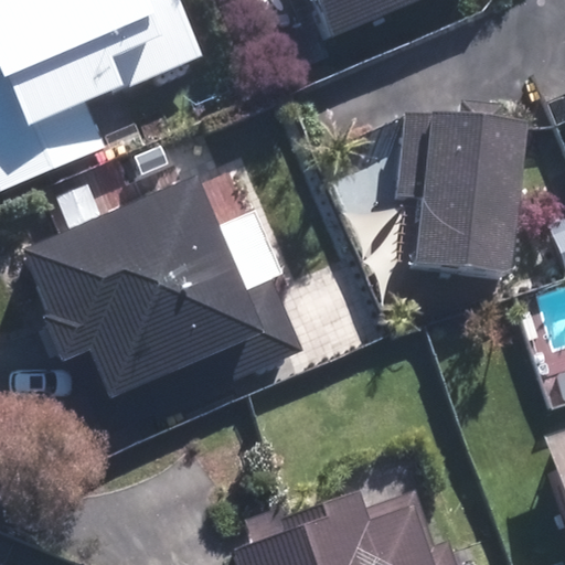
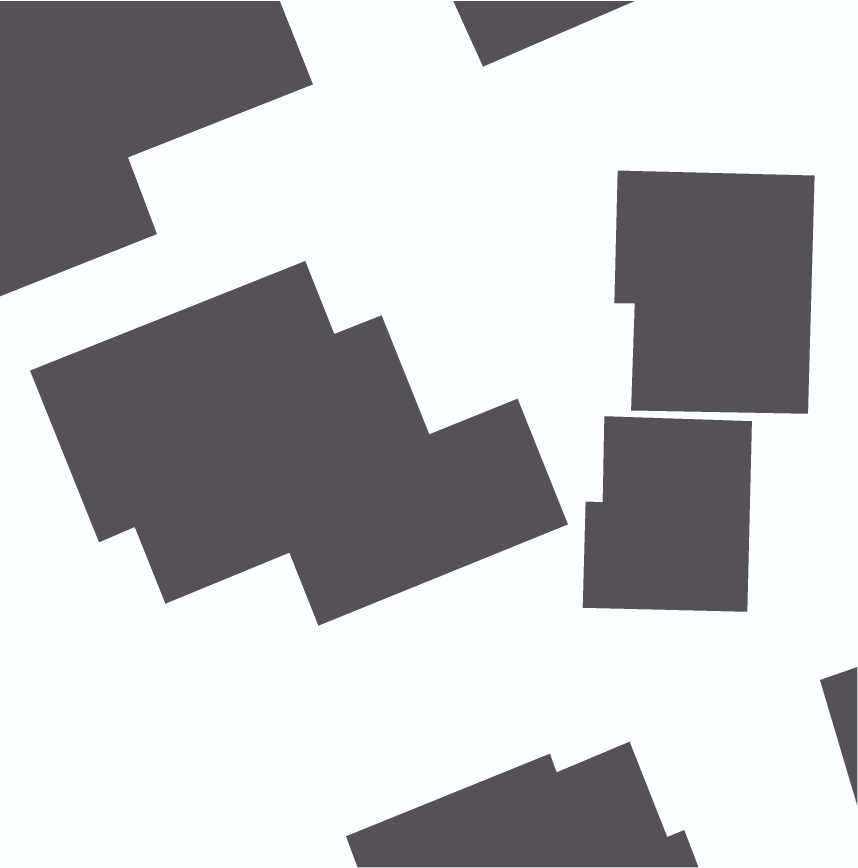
building: none -> [582,416,753,613]

